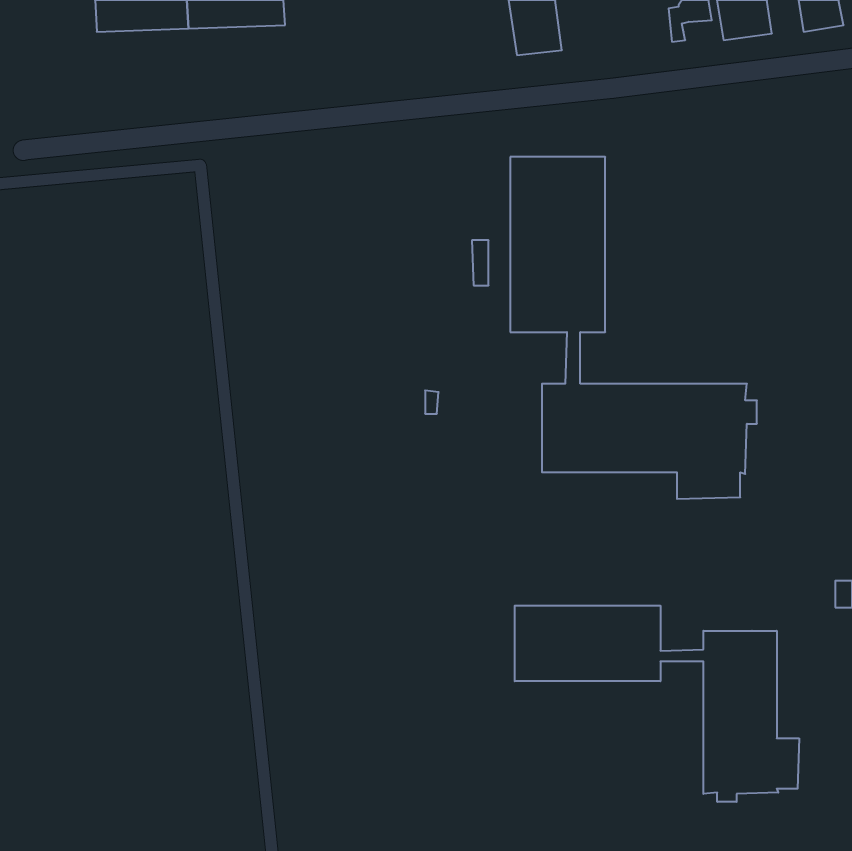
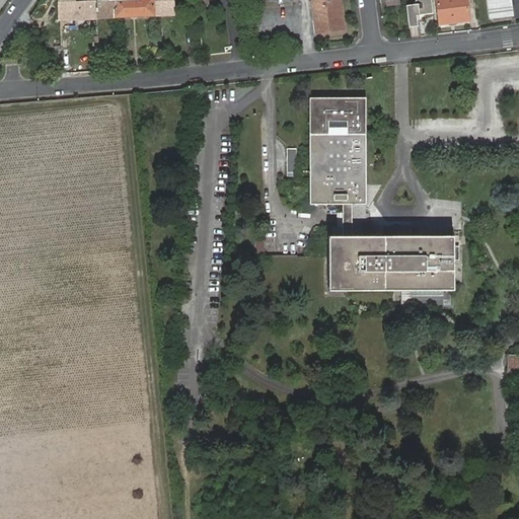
building: [515,606,799,802] -> none

